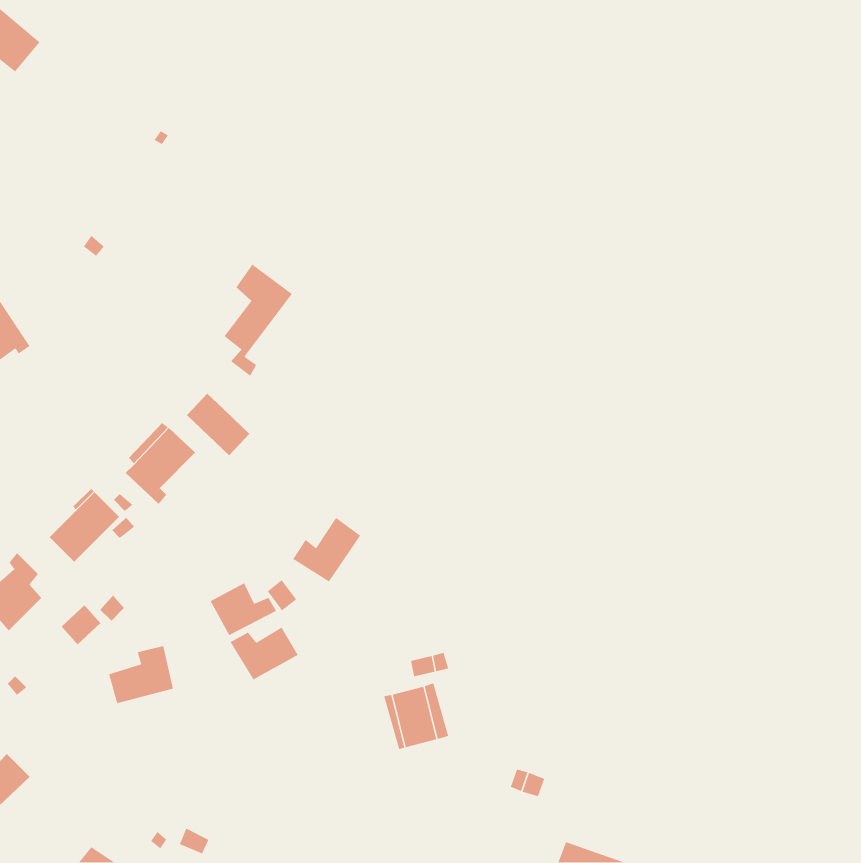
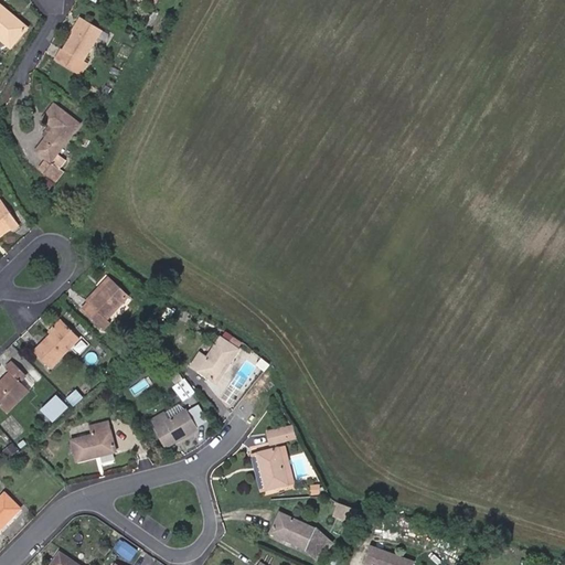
building: none -> [57,19,100,73]
building: [224,264,293,377] -> [34,104,79,178]
building: [186,393,250,456] -> none
building: [209,582,277,636] -> none
building: none -> [269,512,331,558]

